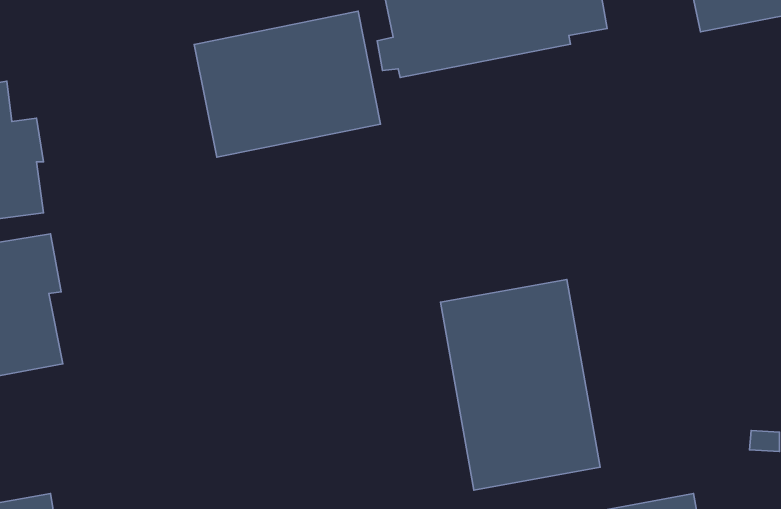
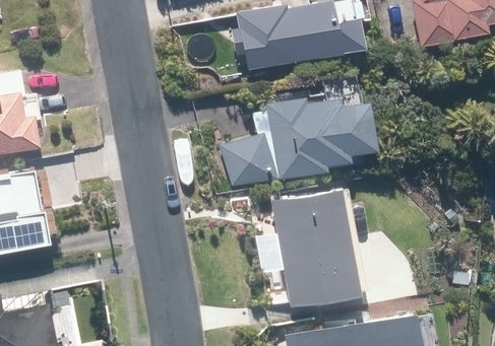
building: [194,11,381,157] -> none
building: none -> [222,97,382,189]

